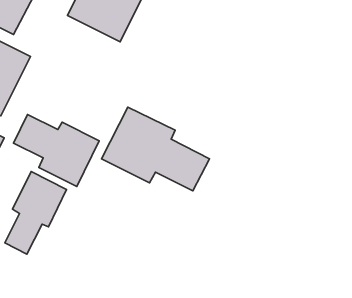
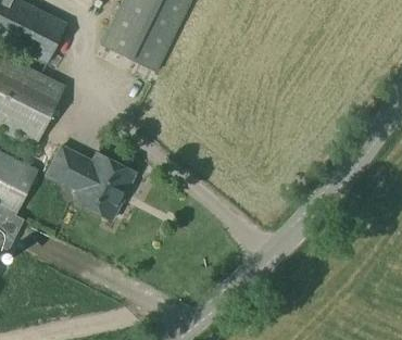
building: [101,107,209,191] -> none
building: [5,171,67,254] -> none

